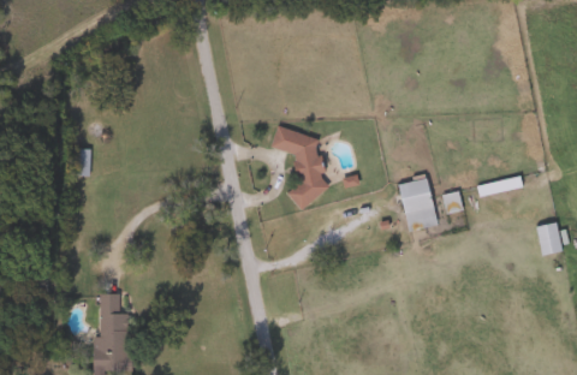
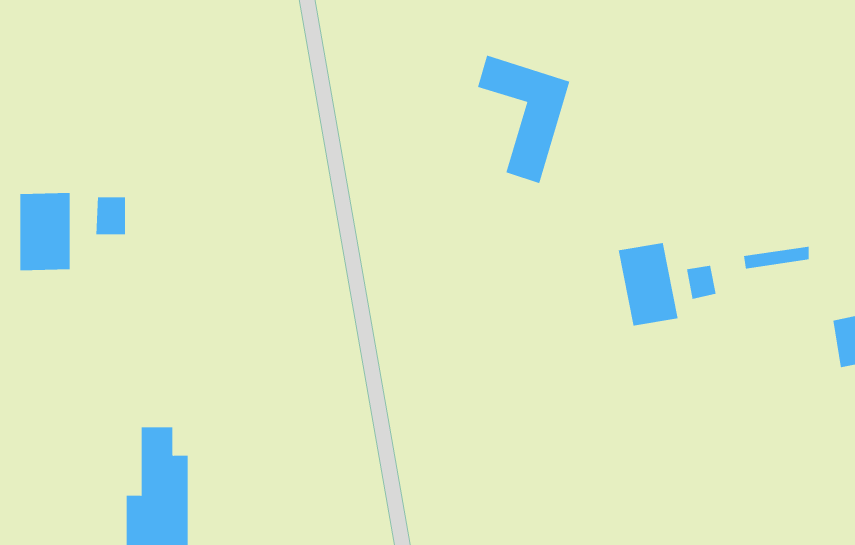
building: [272,125,331,207] -> [477,55,570,184]
building: none -> [20,192,70,271]

